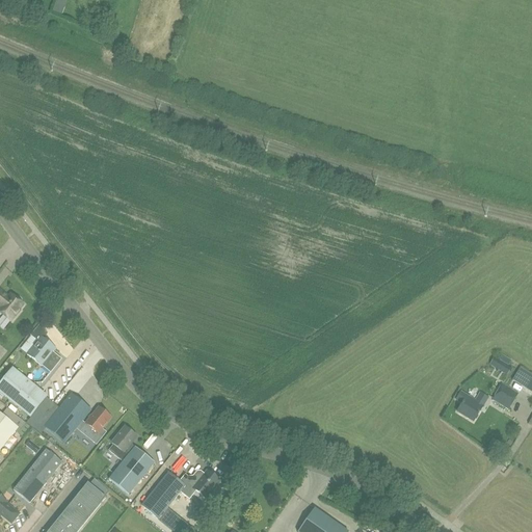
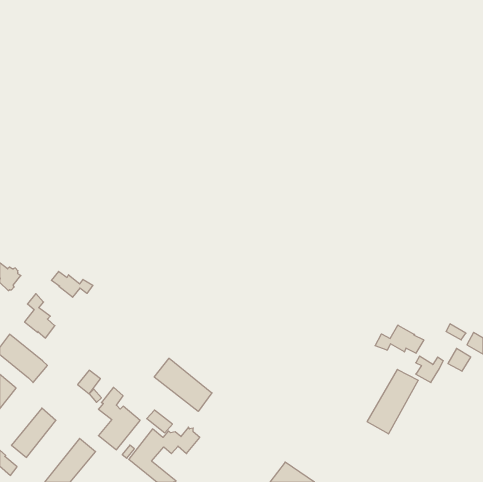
building: none -> [51,271,93,297]
building: none -> [375,325,424,353]
building: [44,393,90,442] -> none
building: none -> [154,358,212,411]
building: none -> [367,369,418,434]

